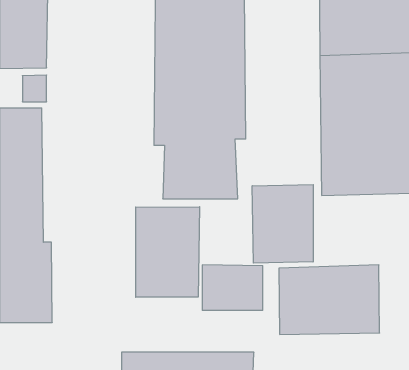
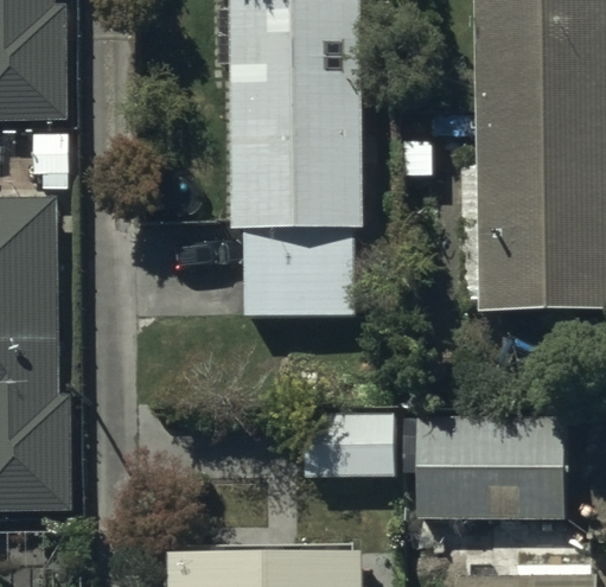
building: [252,185,313,263] -> none
building: [136,207,200,297] -> none

